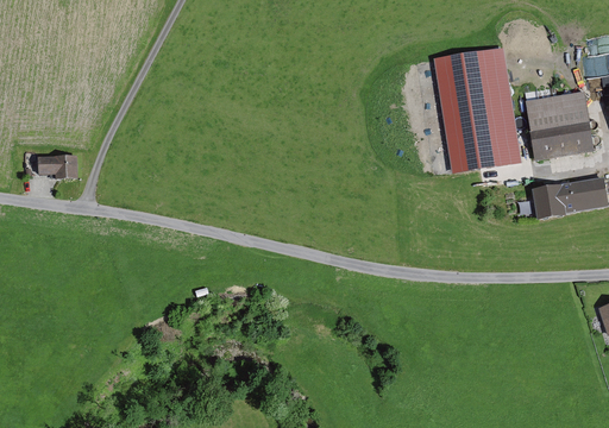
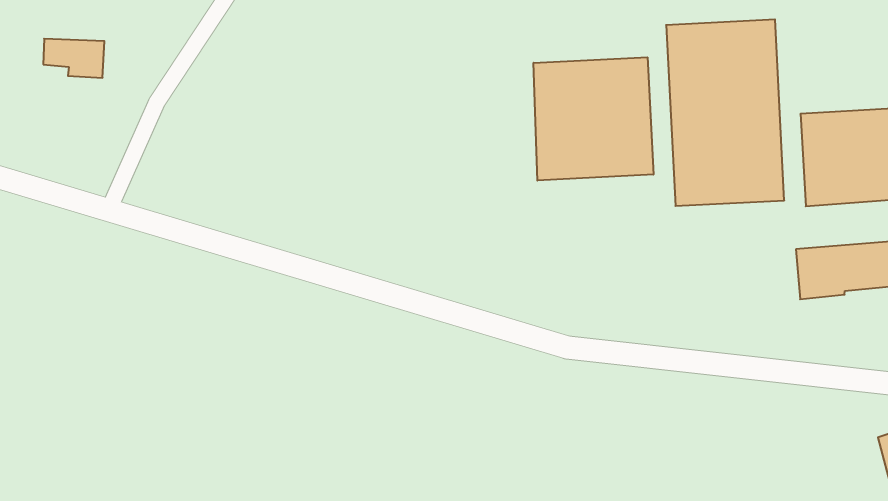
building: none -> [534,57,653,181]
building: [38,155,79,180] -> [43,39,104,78]

